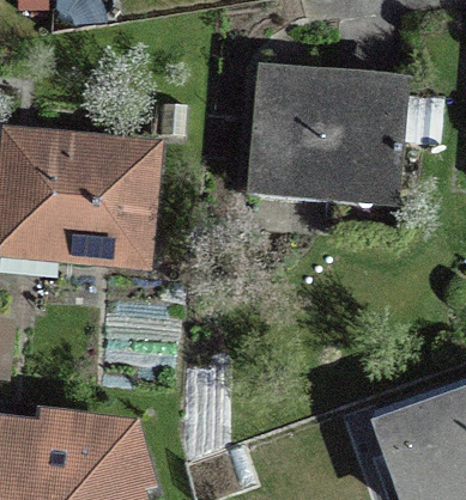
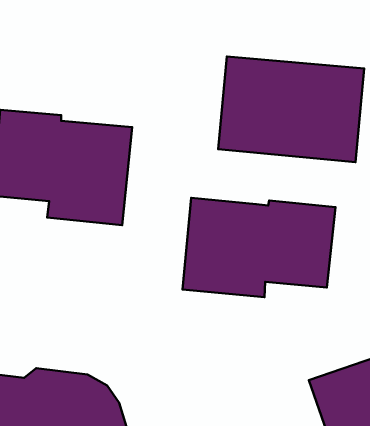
building: none -> [183,198,335,297]

